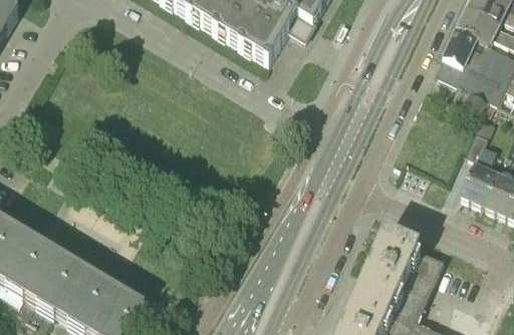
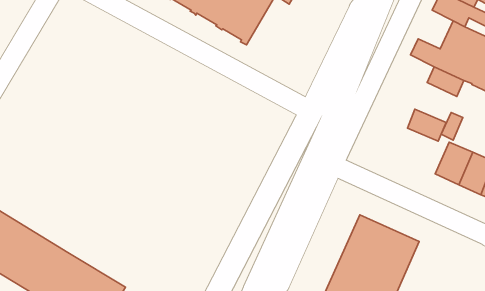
building: [444,24,479,63] -> none
building: none -> [407,109,446,141]

